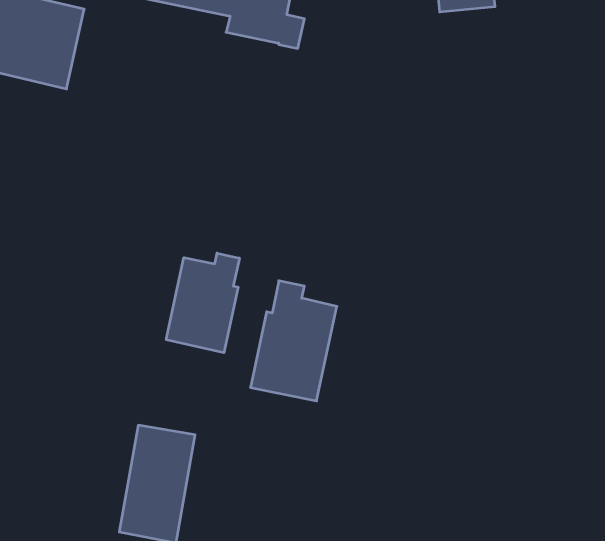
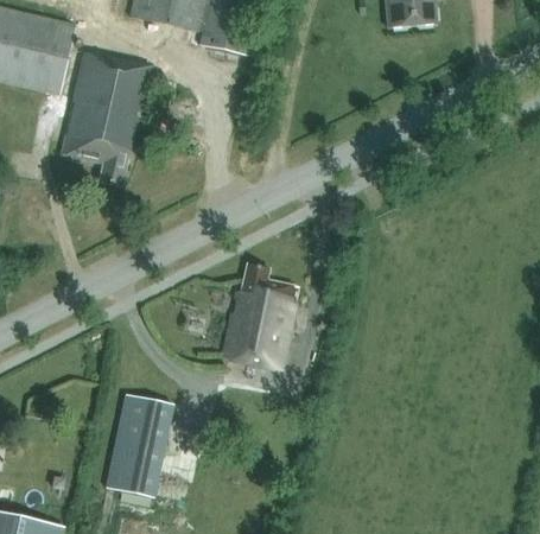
building: none -> [61,55,154,187]
building: [166,253,239,353] -> none

